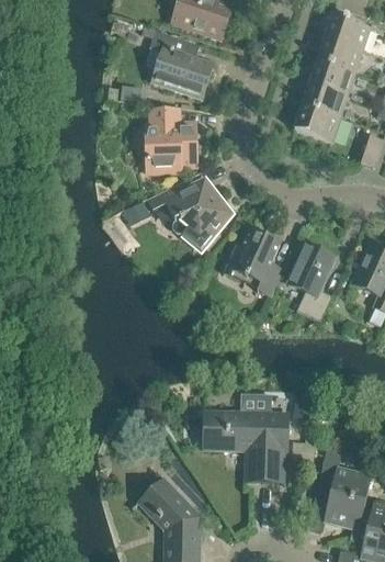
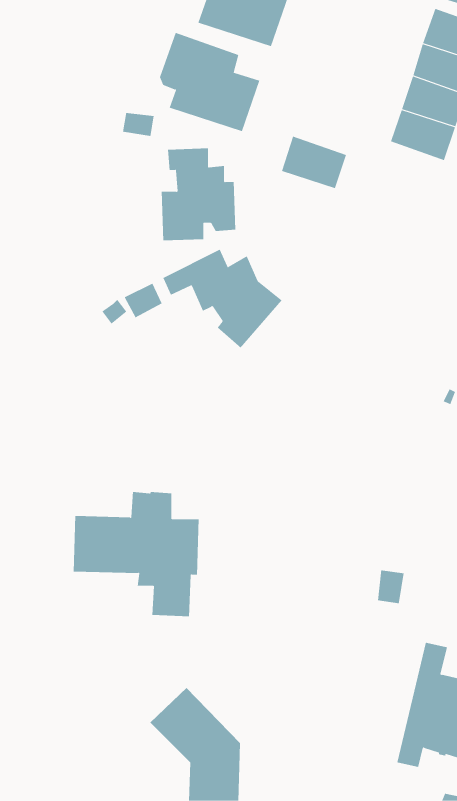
building: [295,104,340,140] -> [281,136,347,189]
building: [224,228,283,296] -> none
building: [287,244,336,321] -> none
building: [203,394,290,480] -> [73,492,200,617]

